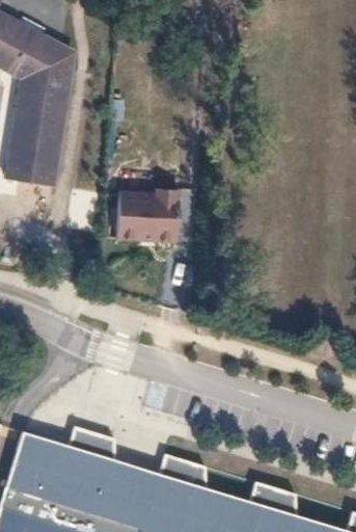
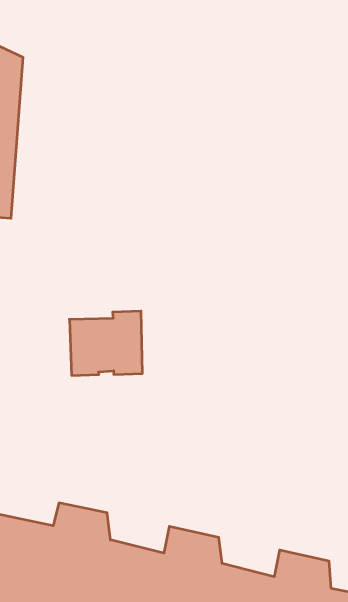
building: [117,189,180,242] -> [69,311,142,375]

